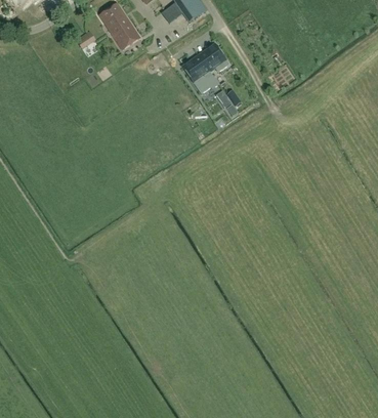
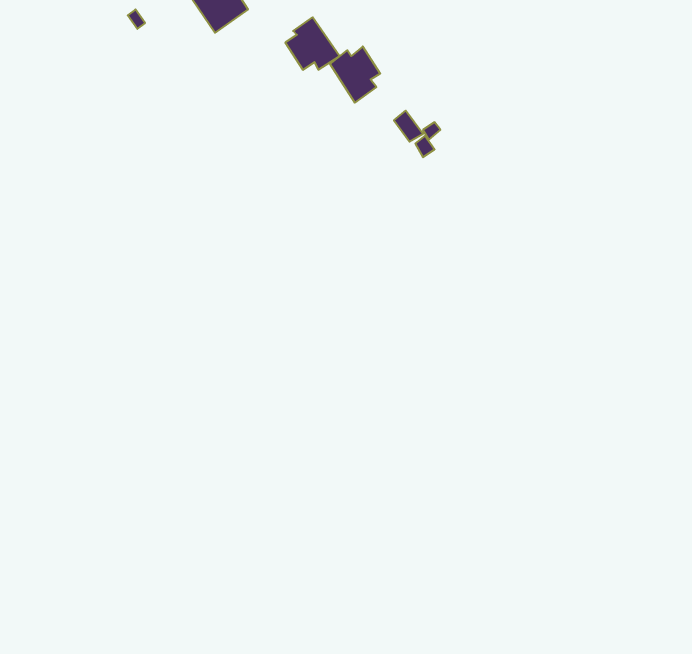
building: [200,43,228,71] -> [285,17,340,70]

